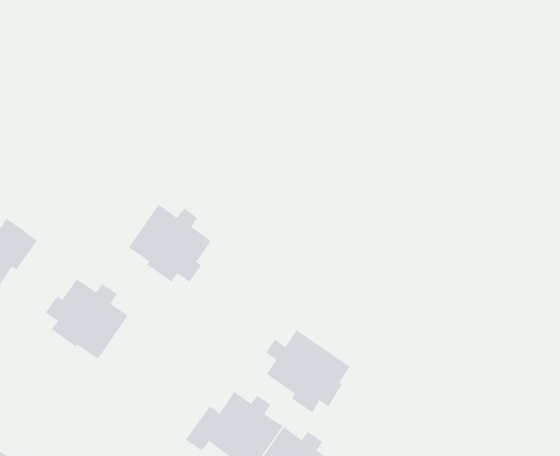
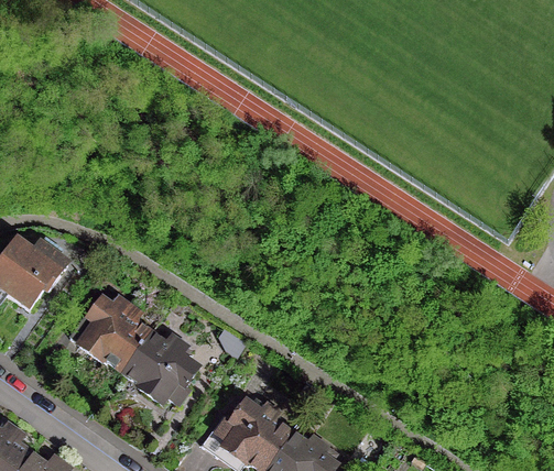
building: [128,204,212,282] -> [122,331,198,403]
building: [265,329,350,413] -> none

